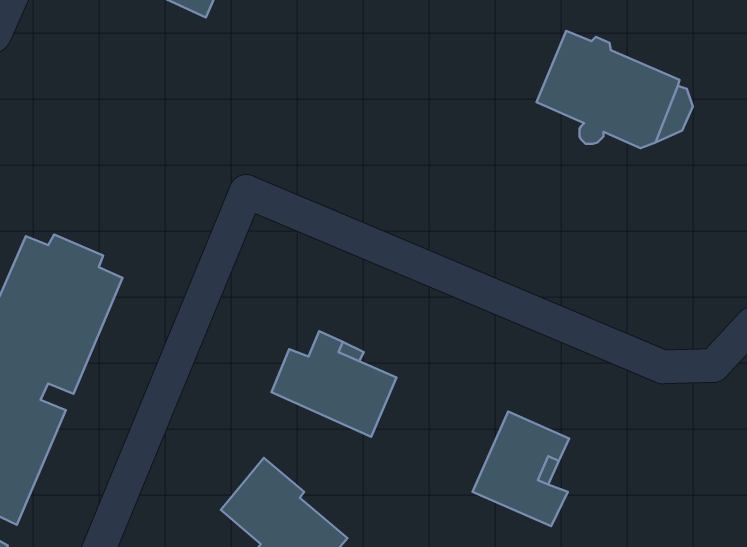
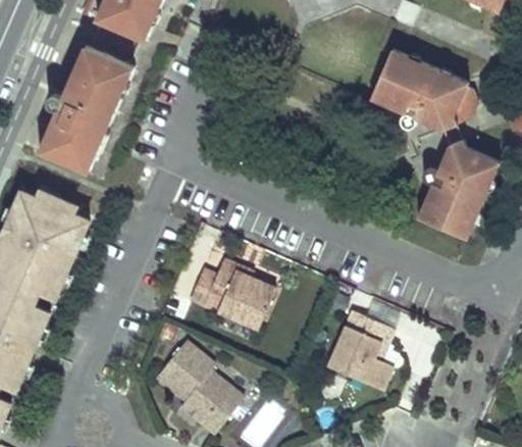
building: none -> [38,44,134,173]
building: none -> [416,141,500,240]

